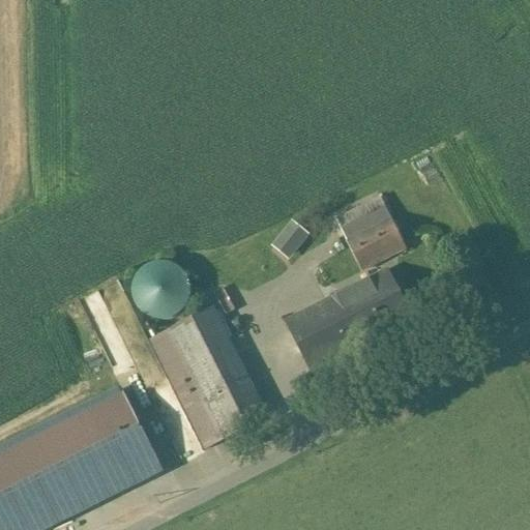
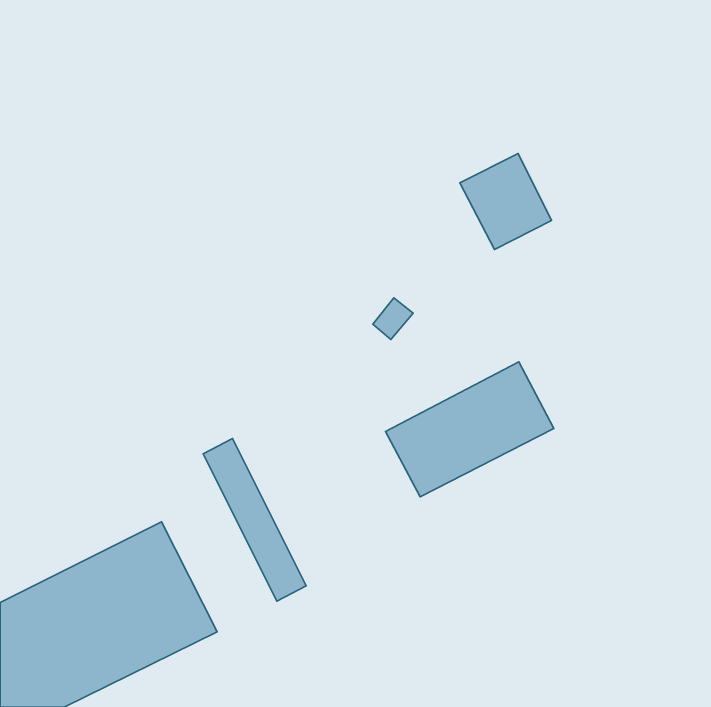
building: [336,197,405,268] -> [460,154,552,250]
building: [122,255,186,319] -> none
building: [173,306,267,436] -> none

